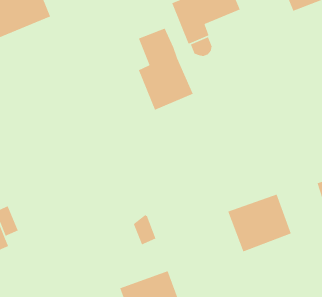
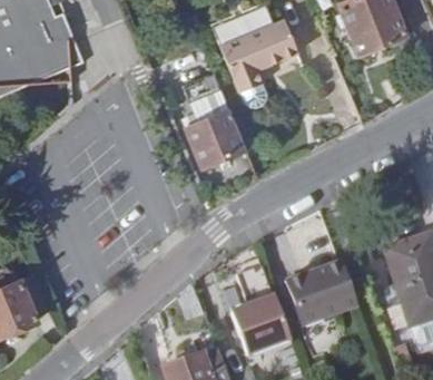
building: none -> [229,264,289,354]

